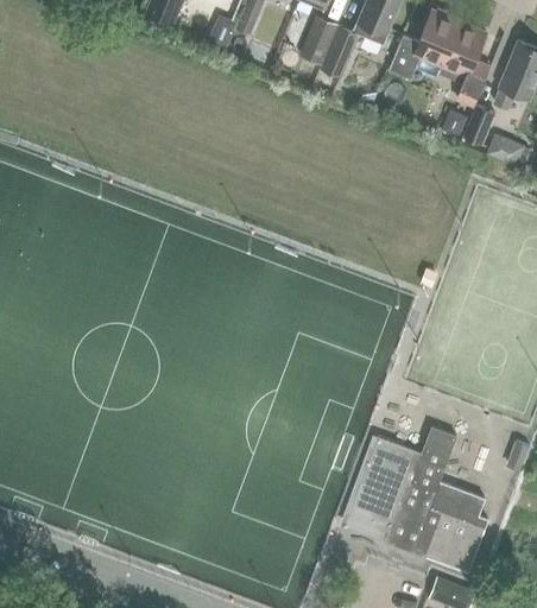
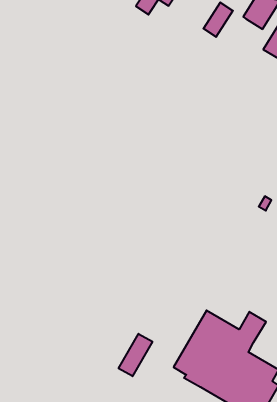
building: [321,25,359,77] -> none
building: none -> [119,334,152,376]

